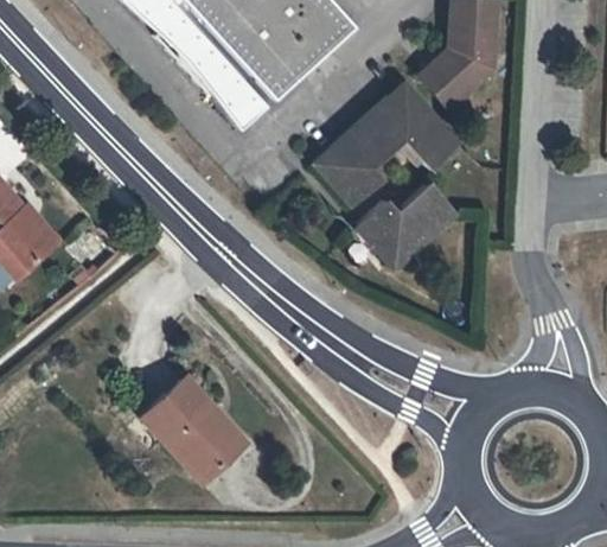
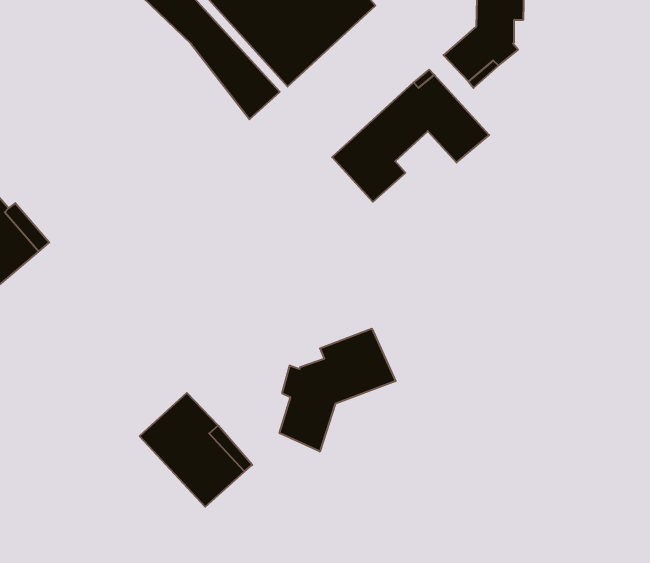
building: [359,183,458,268] -> none
building: none -> [280,329,396,452]

